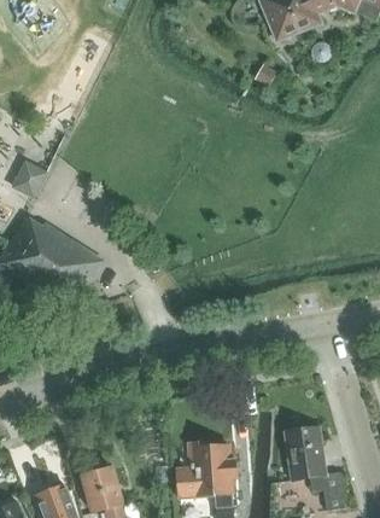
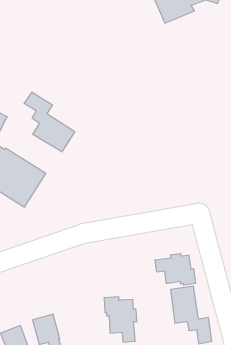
building: none -> [24,92,75,152]
building: none -> [155,253,196,285]

